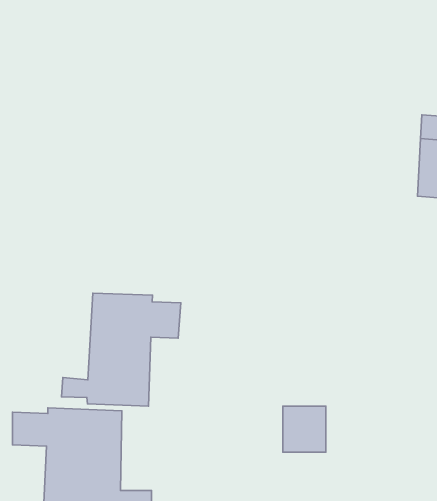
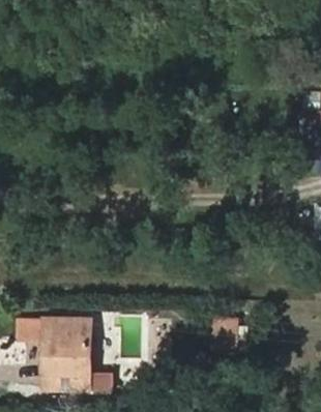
building: [62,293,181,406] -> none

